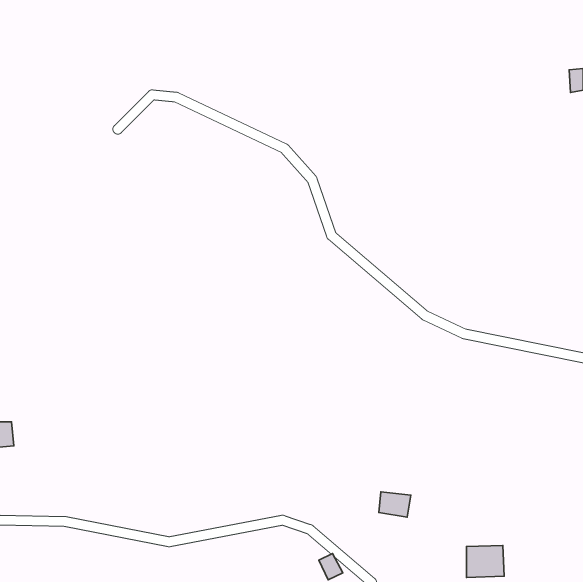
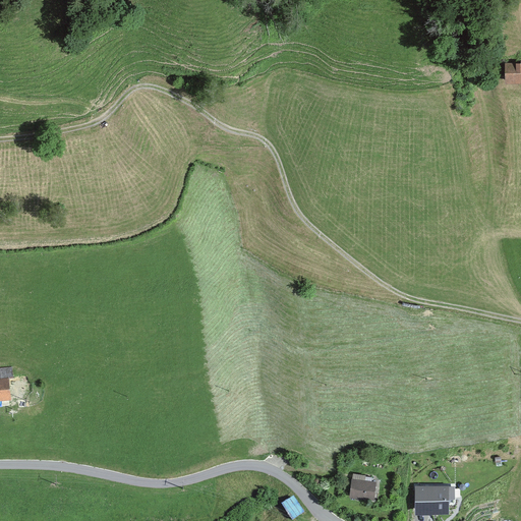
building: [379,492,411,517] -> [348,477,377,500]

